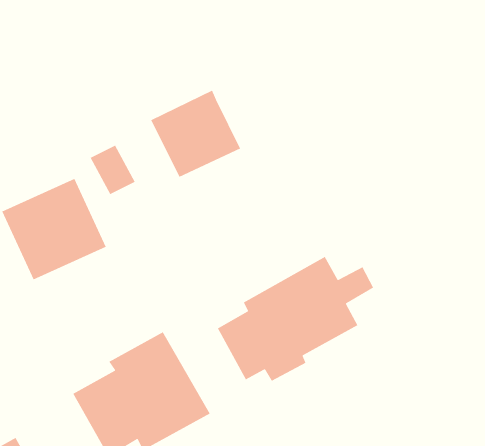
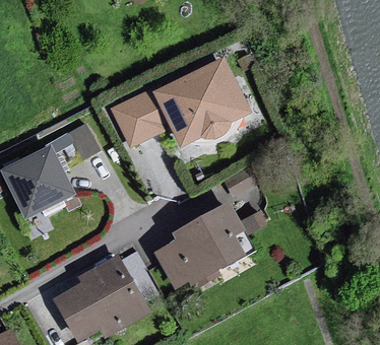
building: none -> [153,56,252,146]

